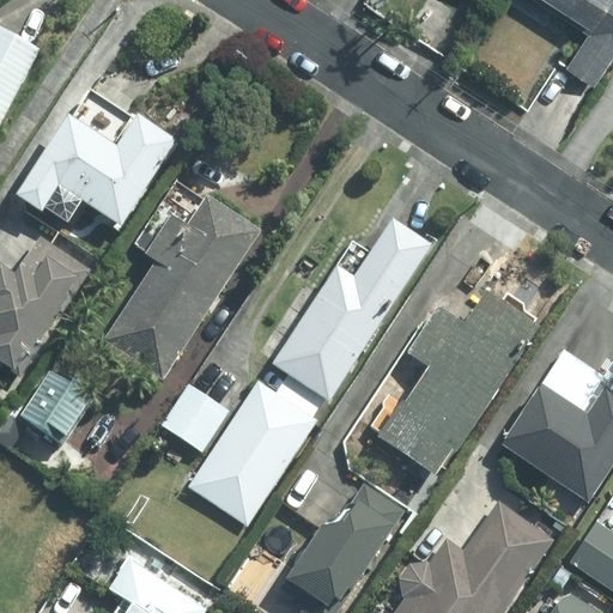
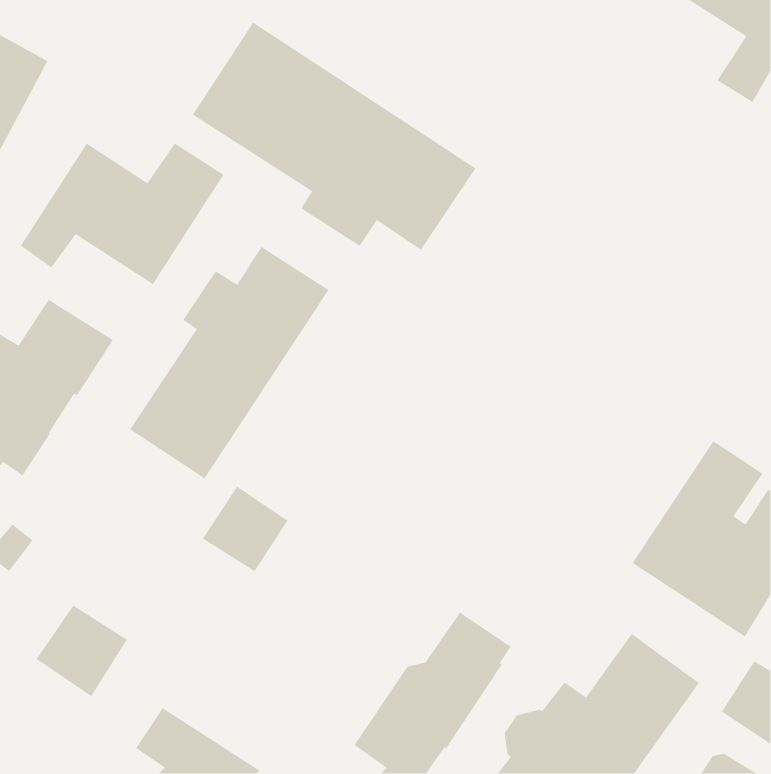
building: none -> [192,21,476,251]
building: [272,218,432,400] -> none
building: [377,290,540,474] -> none
building: [19,371,92,444] -> [35,605,128,697]
building: [187,380,316,526] -> none

